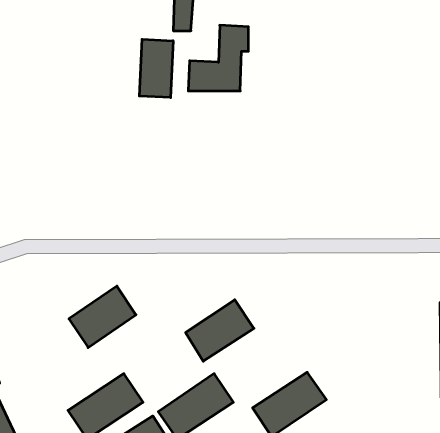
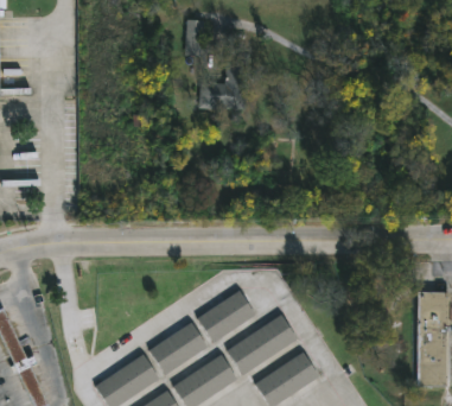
building: [139,39,173,98] -> none
building: [69,286,136,348] -> [148,322,206,375]
building: none -> [227,315,297,375]

